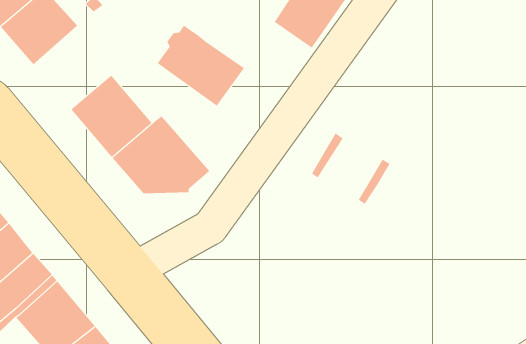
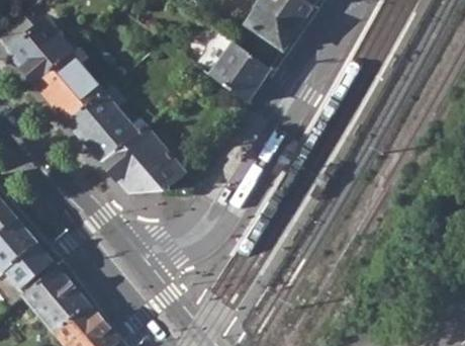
building: [157,25,245,107] -> [198,33,272,102]
building: none -> [37,55,103,121]

